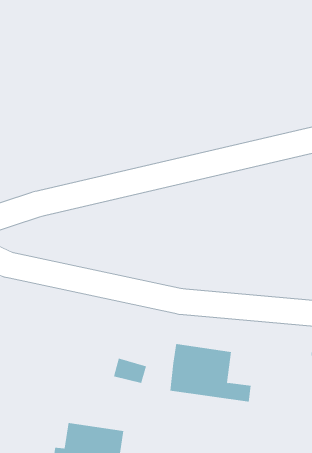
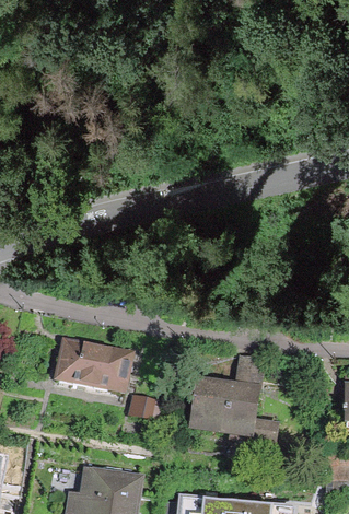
building: none -> [58,337,131,390]

